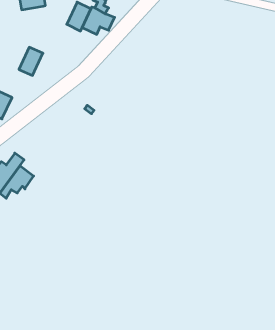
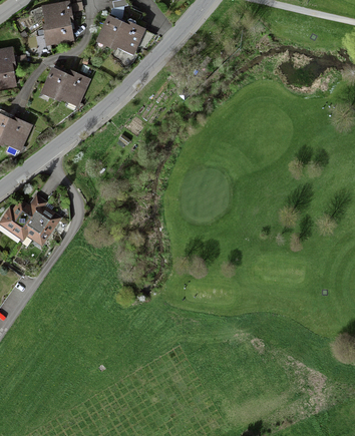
building: none -> [41,19,73,44]
building: none -> [57,71,91,107]

